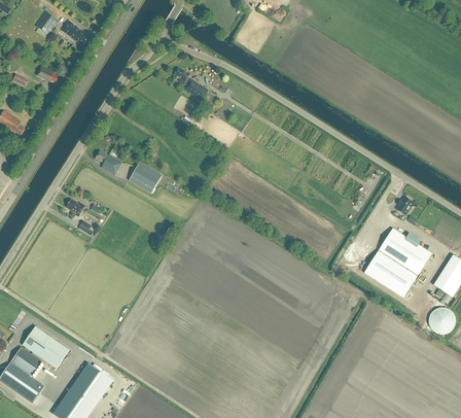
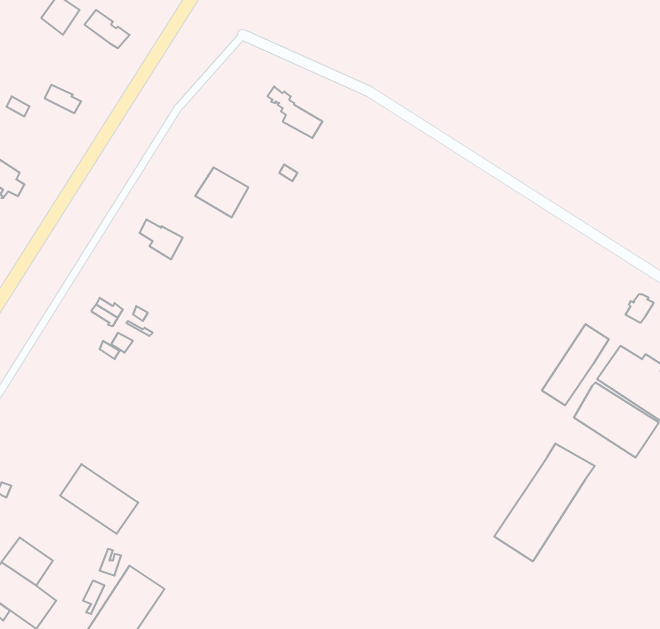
building: [129,162,162,193] -> [195,168,248,218]
building: none -> [542,324,609,405]
building: none -> [494,443,595,561]
building: [22,324,70,368] -> [60,464,138,534]

